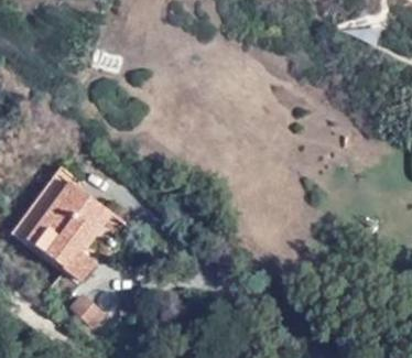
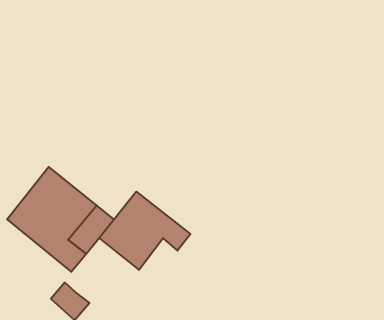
building: none -> [99,192,190,270]

